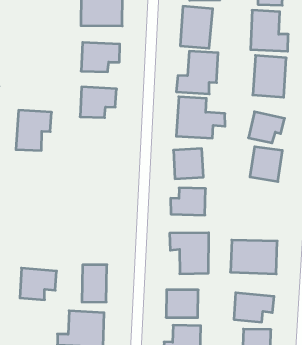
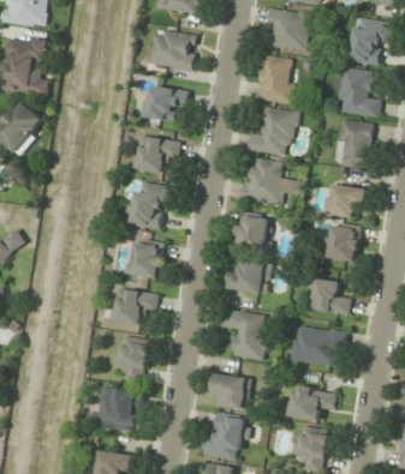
building: [16,110,52,150] -> [129,180,173,228]
building: none -> [127,240,161,277]
building: none -> [309,277,349,313]
building: [20,268,57,300] -> [112,287,156,325]

